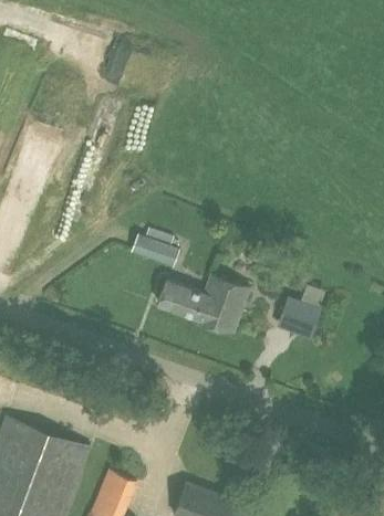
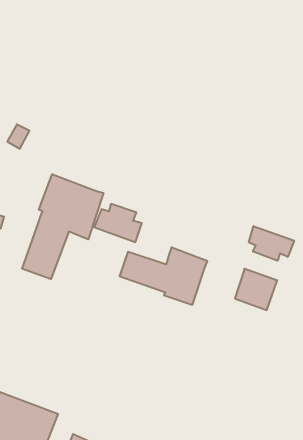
building: none -> [22,174,103,279]
building: none -> [249,226,294,261]

